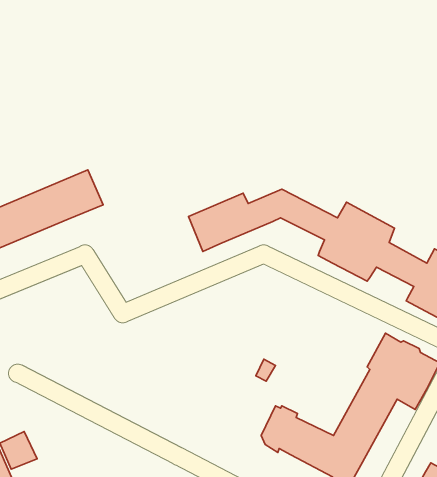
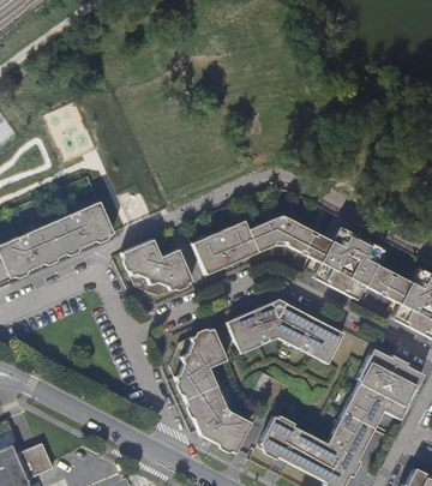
building: none -> [124,239,193,295]
building: none -> [227,300,346,366]
building: none -> [170,329,252,454]

